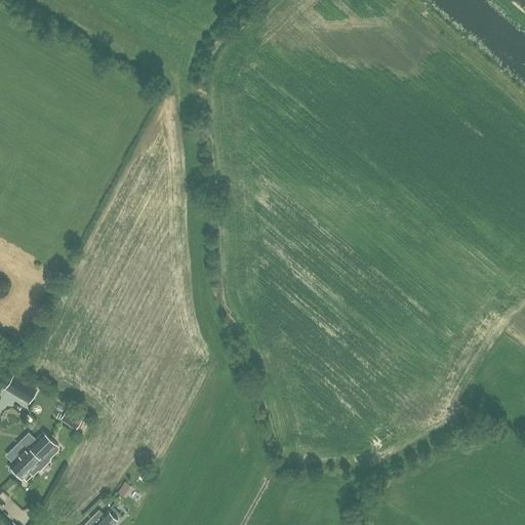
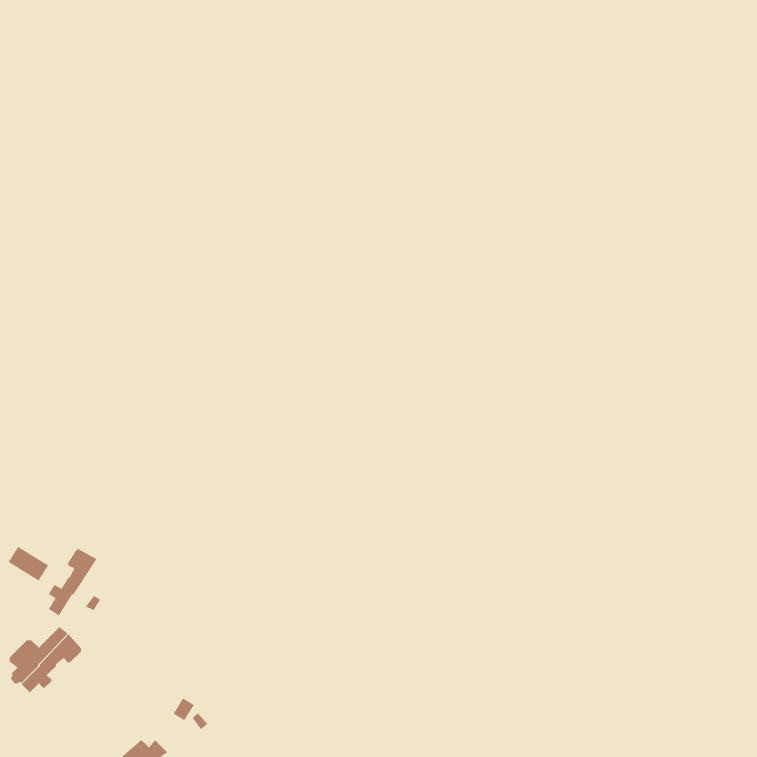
building: none -> [48,549,98,616]

